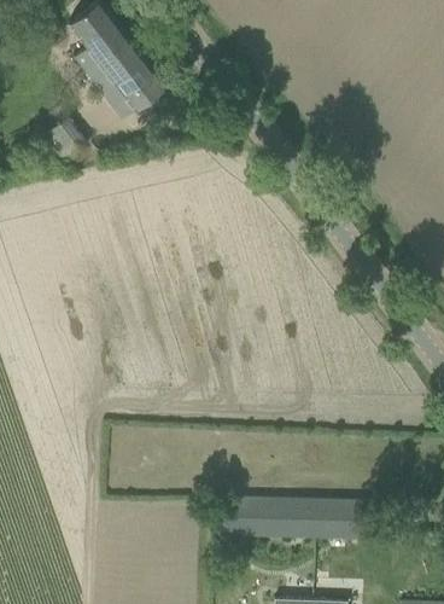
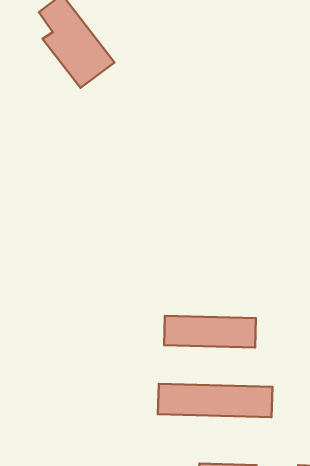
building: none -> [164,316,256,347]

